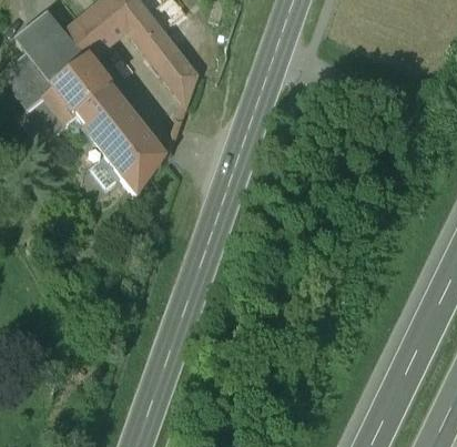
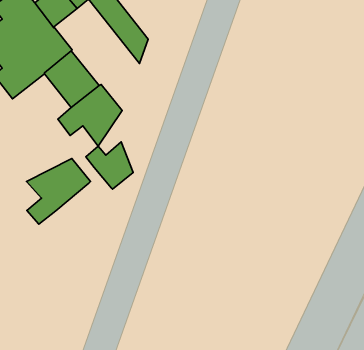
building: none -> [86,142,133,189]
building: none -> [26,159,91,224]

